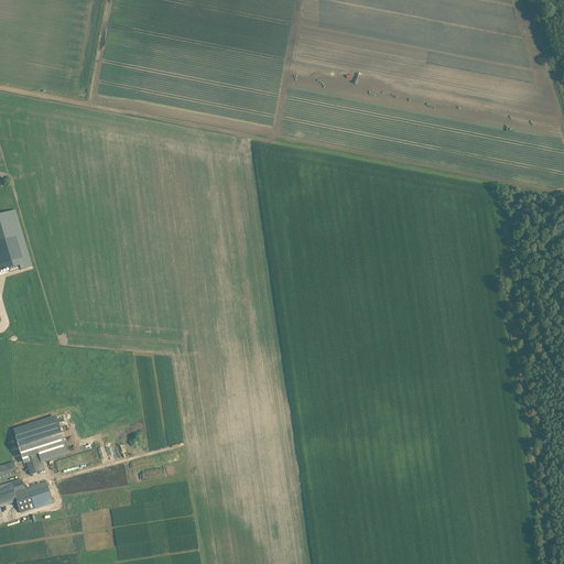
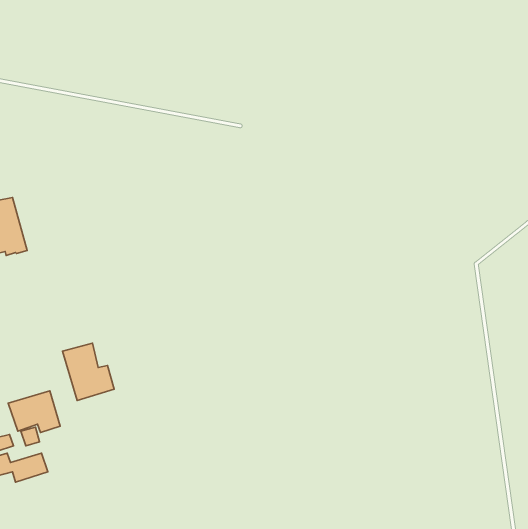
building: none -> [62,343,114,401]

